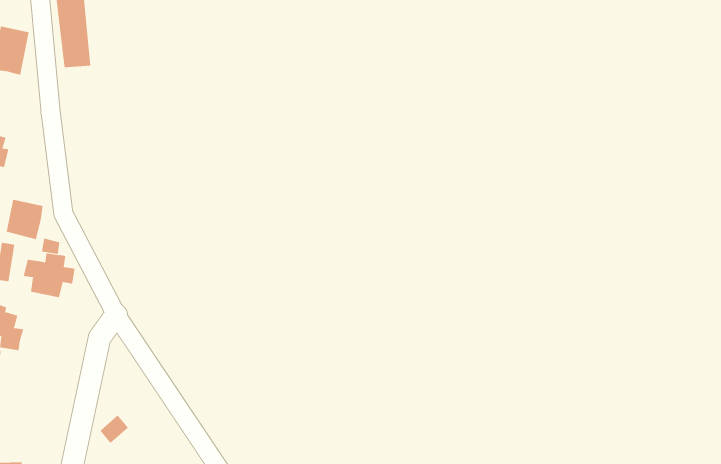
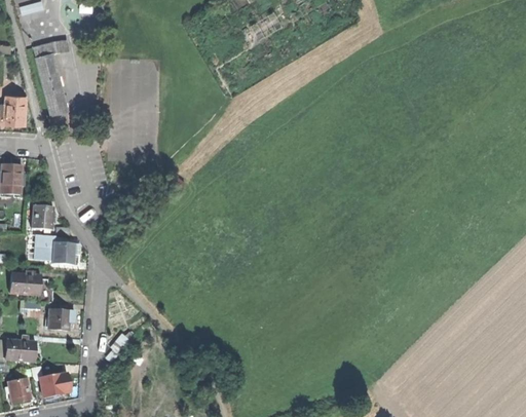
building: none -> [48,308,75,330]

